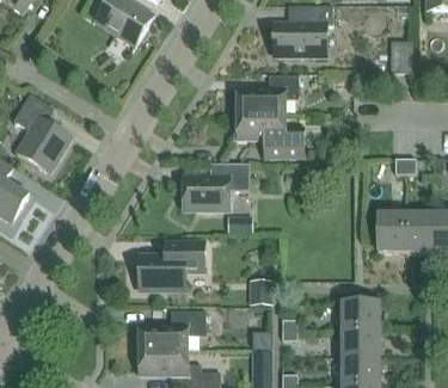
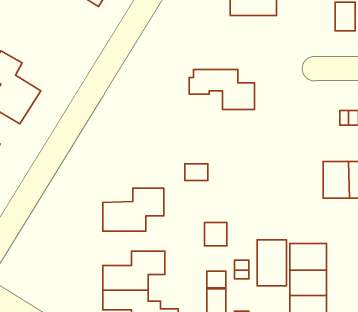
building: [237,75,297,115] -> none
building: [183,164,248,209] -> none
building: none -> [257,240,287,286]

